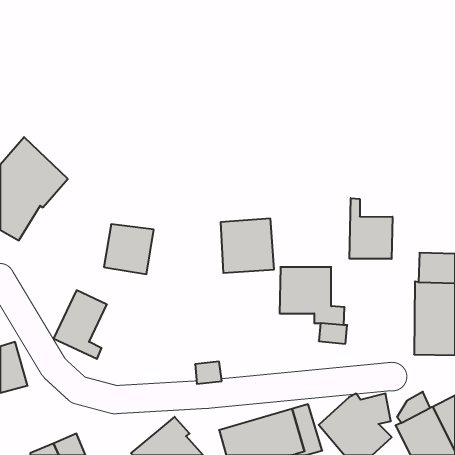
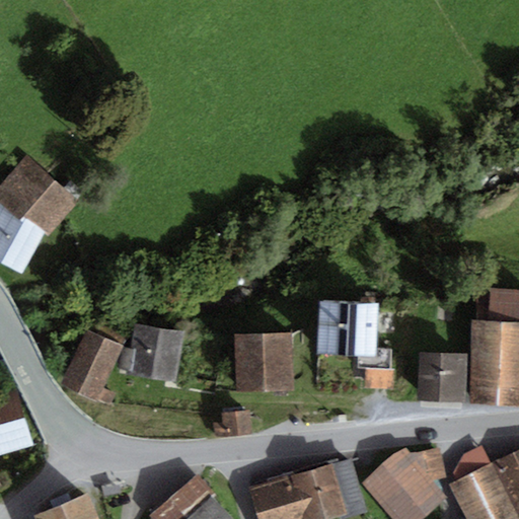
building: [350,198,392,259] -> none
building: [221,219,274,273] -> [234,332,295,394]
building: [104,224,154,274] -> [127,325,183,382]
building: none -> [419,353,467,402]

